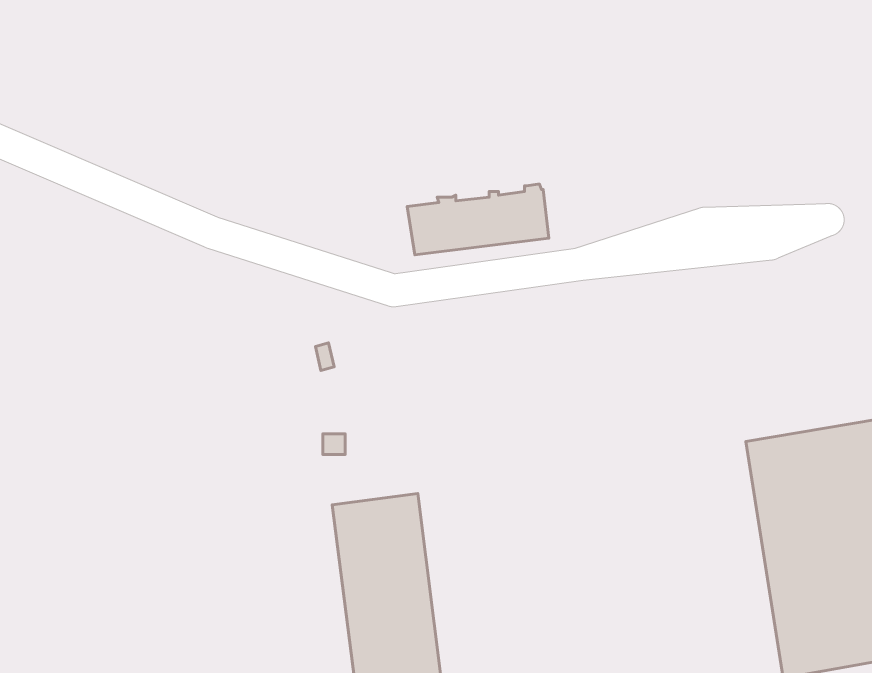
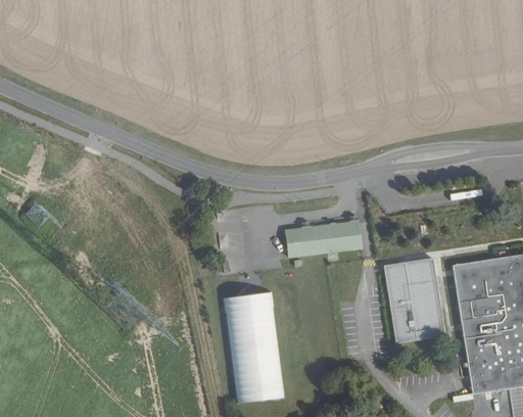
building: [407,184,549,255] -> [283,218,361,257]
building: none -> [383,258,444,343]

